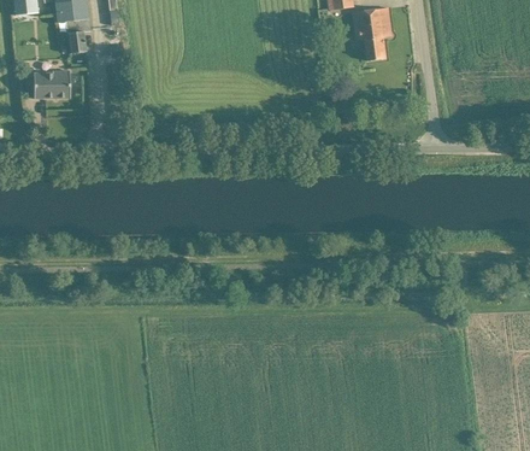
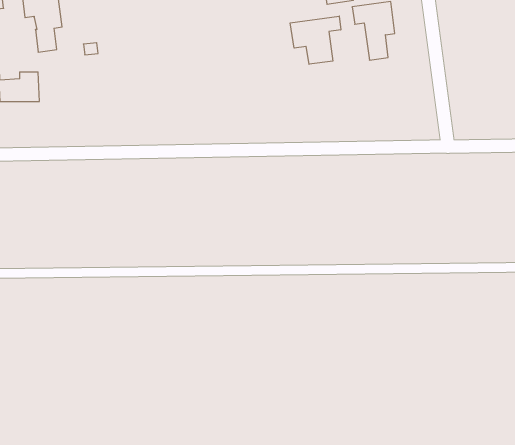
building: none -> [290,16,341,64]

